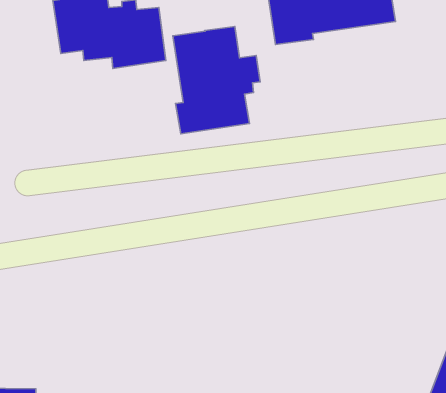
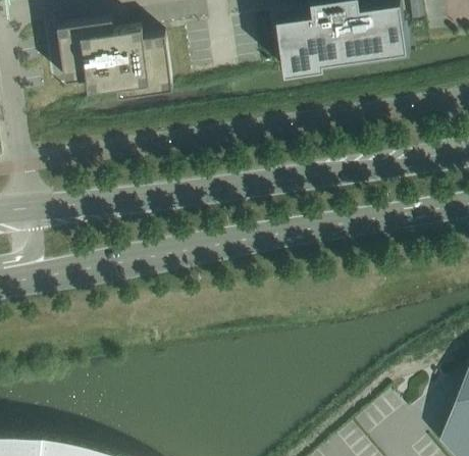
building: [173,27,260,134] -> none

